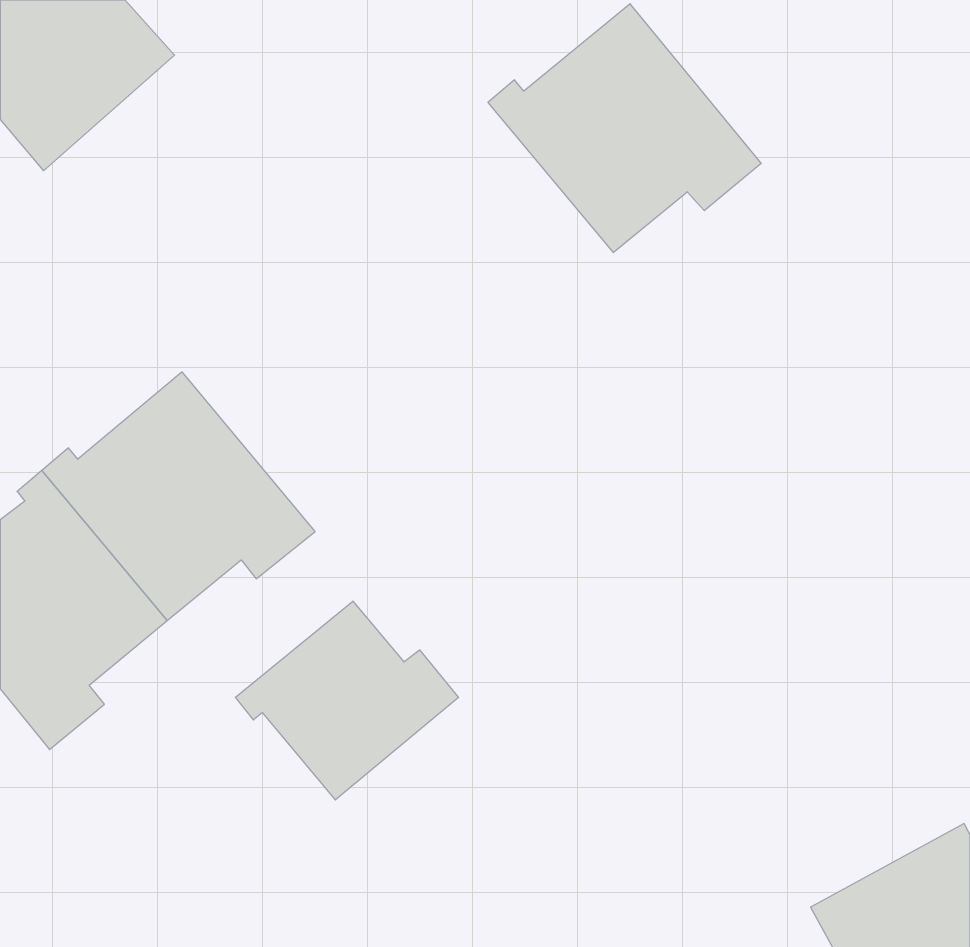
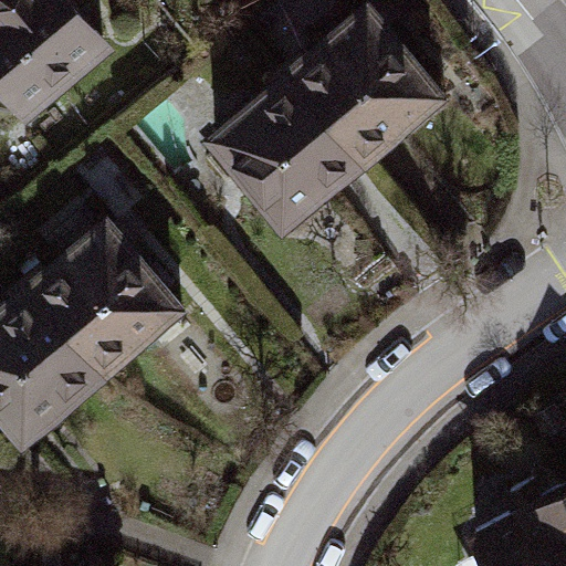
building: none -> [211,73,357,235]
building: [236,601,459,800] -> none

